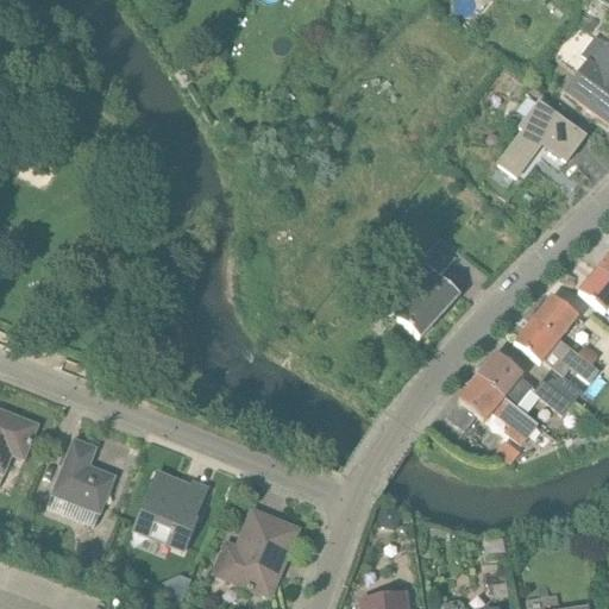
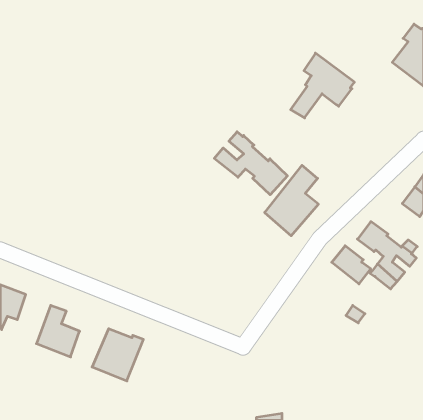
building: [496,84,588,177] -> [291,53,354,118]
building: none -> [214,132,287,195]
building: [533,294,576,335] -> none
building: [458,376,538,445] -> none
building: [213,509,297,592] -> none

